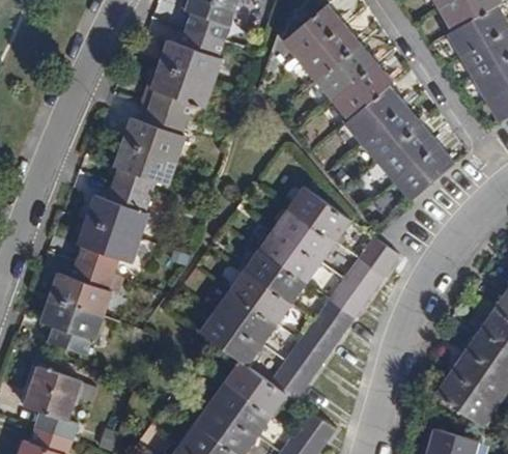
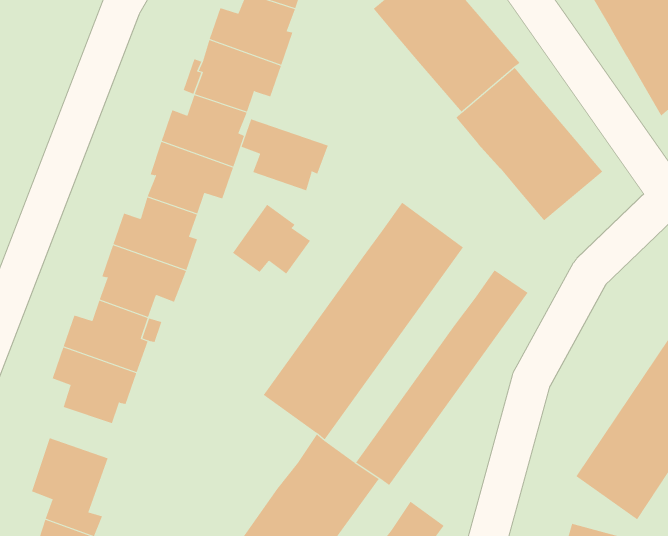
building: none -> [241,119,328,191]
building: none -> [232,204,311,275]

